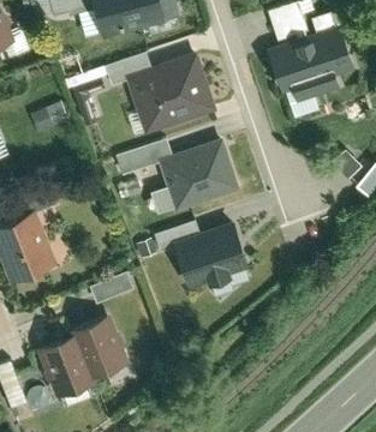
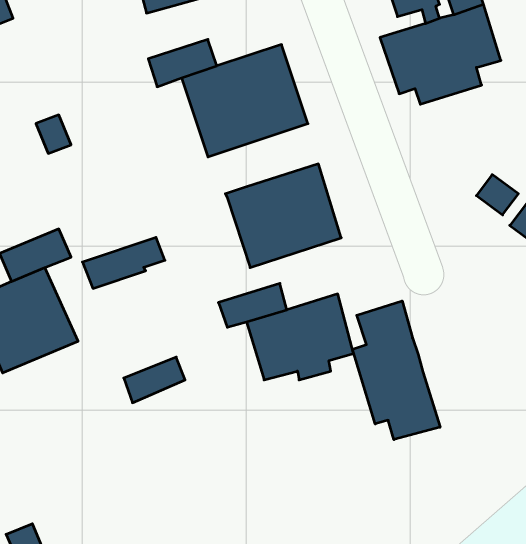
building: [118,140,174,175] -> [82,237,165,288]
building: none -> [352,301,440,440]
building: [34,312,130,395] -> none

